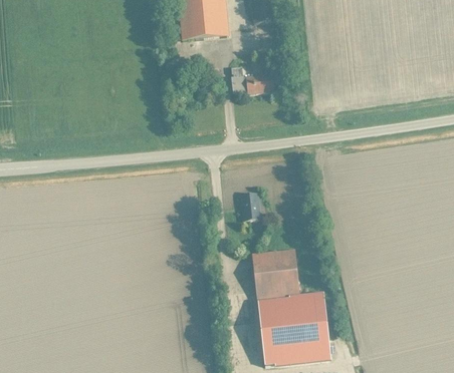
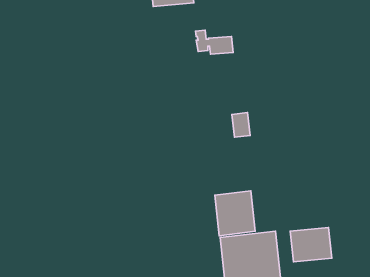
building: [240,193,261,221] -> [232,113,250,137]
building: none -> [290,227,332,262]

